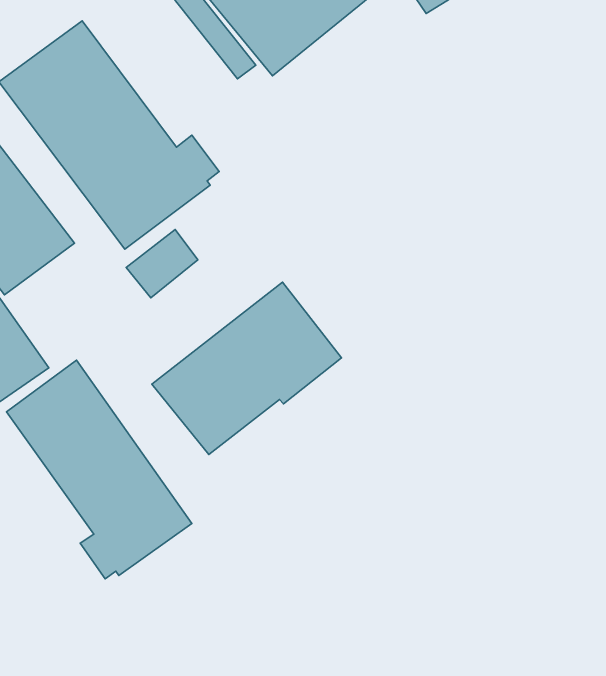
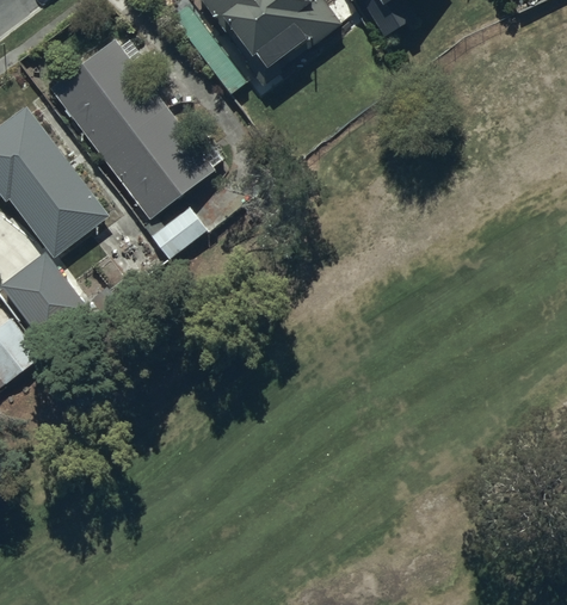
building: [152,282,341,454] -> none
building: [6,360,192,579] -> none

